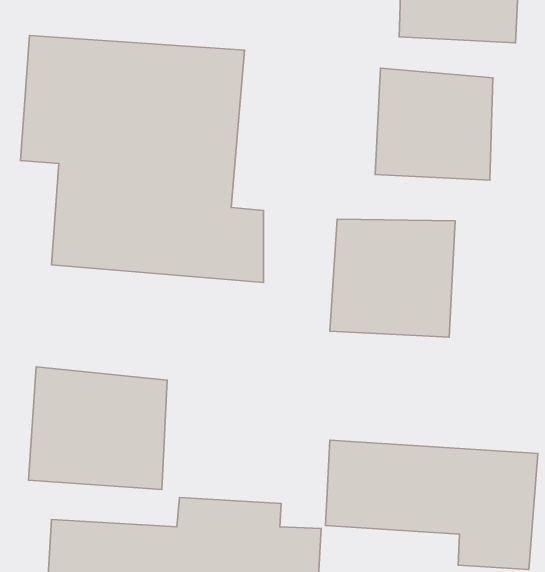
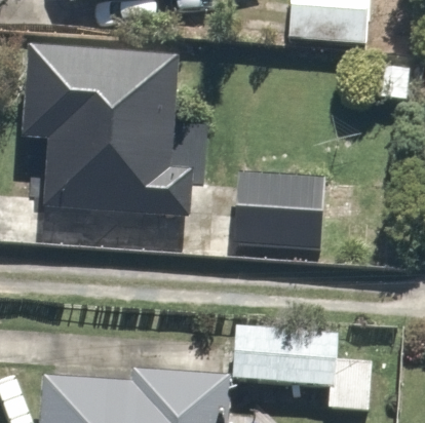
building: [375,68,493,180] -> none
building: [29,367,167,489] -> none

